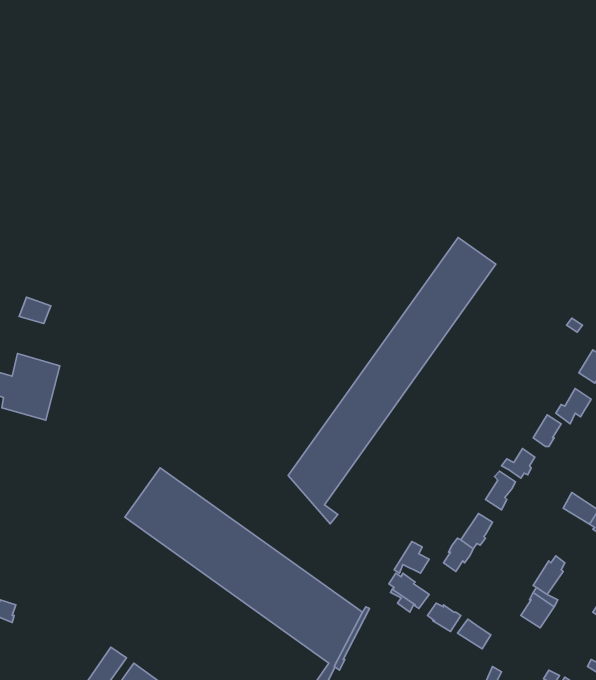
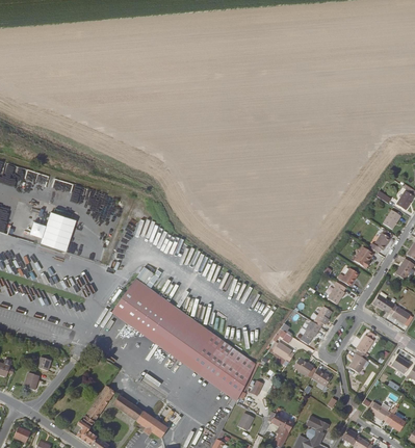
building: [288,237,496,524] -> none

